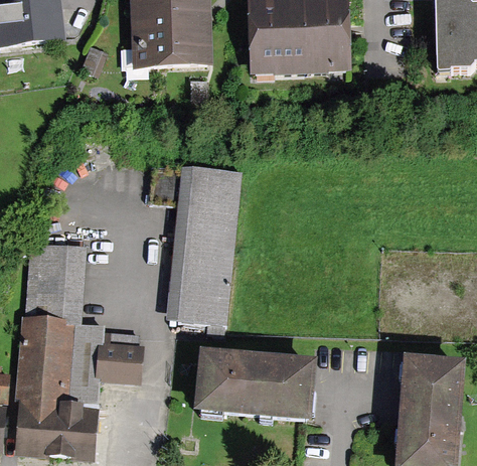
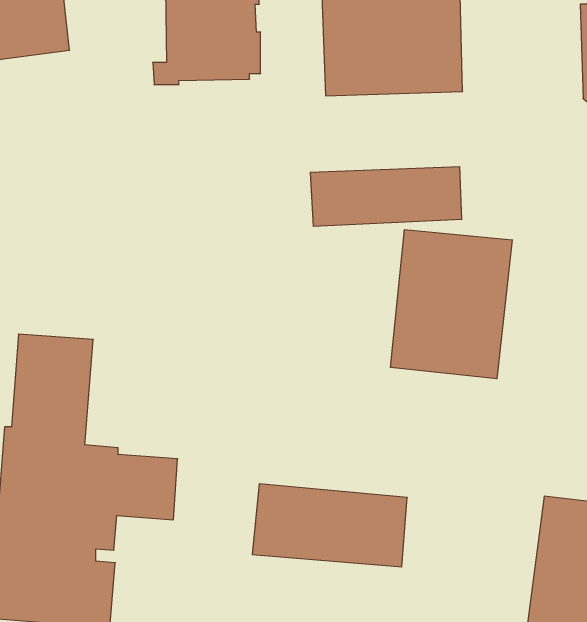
building: none -> [310,167,461,226]
building: [149,162,242,324] -> none
building: none -> [391,230,512,379]

